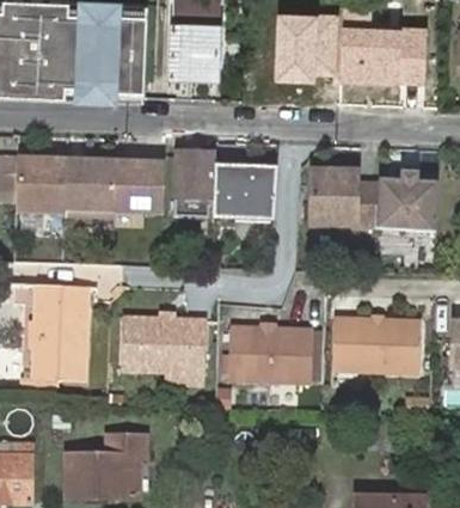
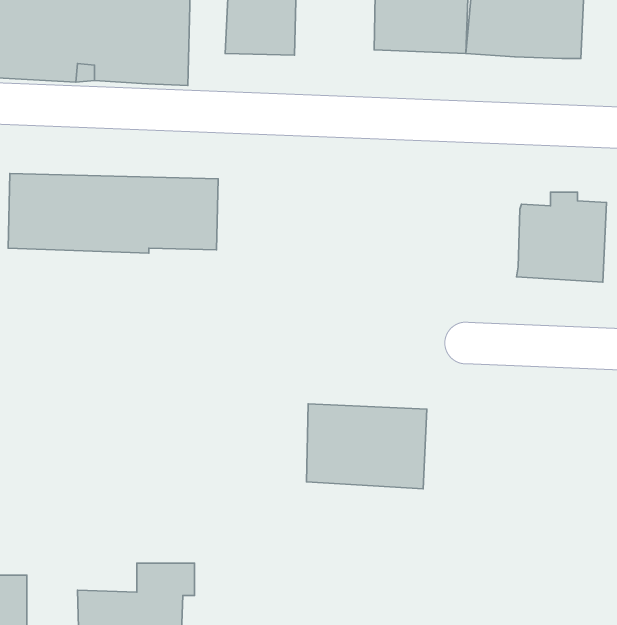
building: [174,148,277,219] -> none
building: [311,169,378,225] -> none
building: [32,287,85,363] -> none
building: [335,316,419,369] -> none
building: [119,317,204,372] -> none

